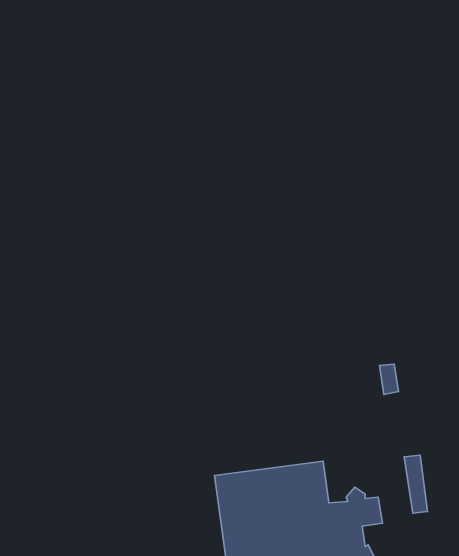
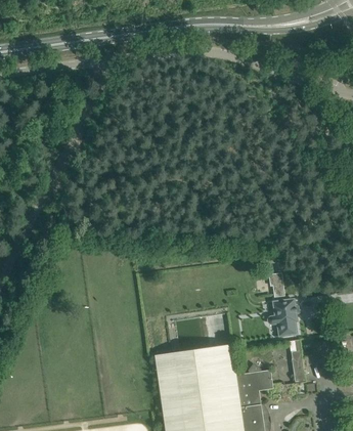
building: none -> [267,299,298,338]

